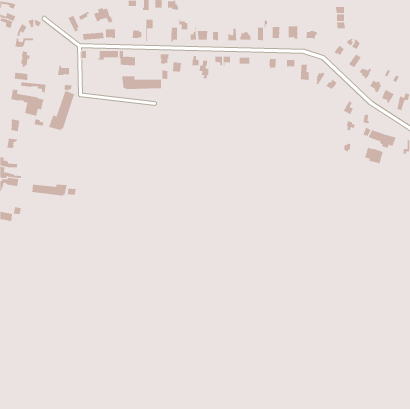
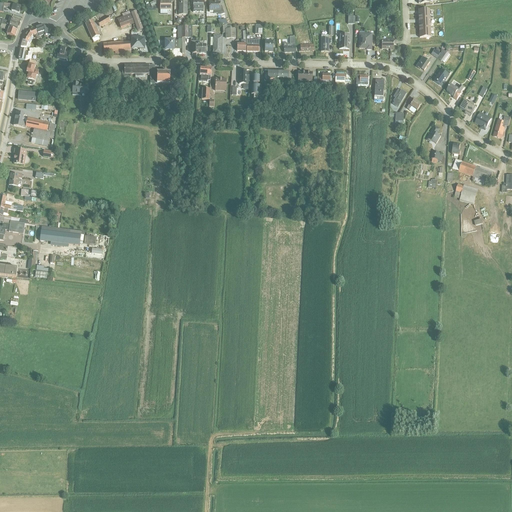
building: [122,75,162,90] -> none
building: [48,90,75,131] -> none

